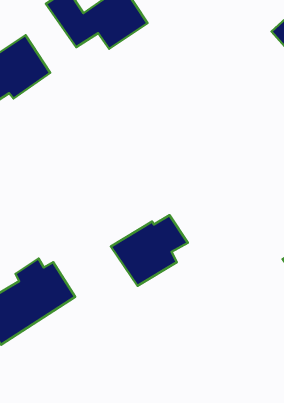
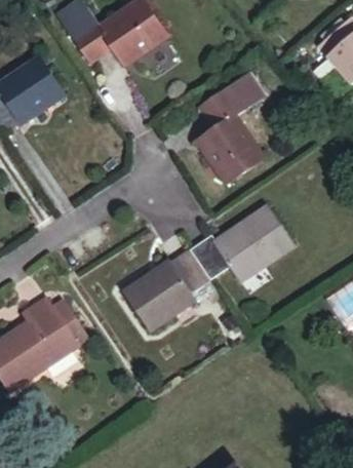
building: none -> [204,83,273,186]
building: none -> [198,209,302,283]

